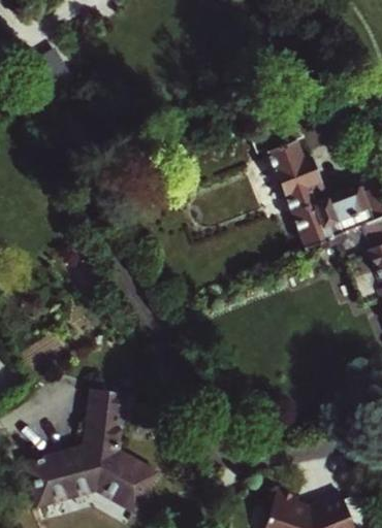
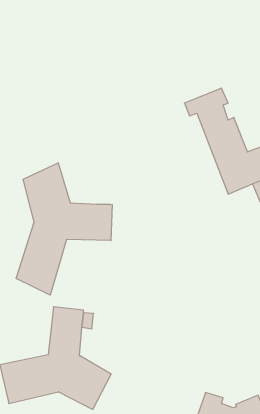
building: none -> [16,163,112,295]

